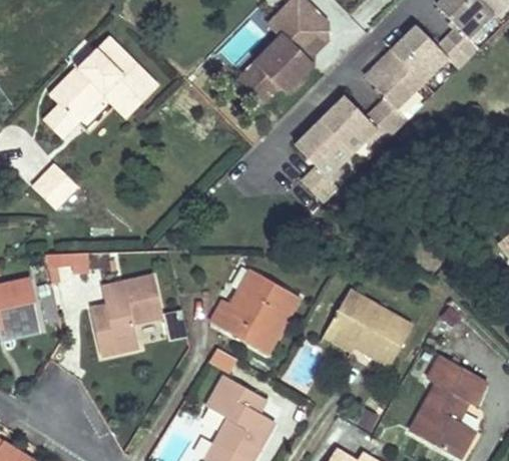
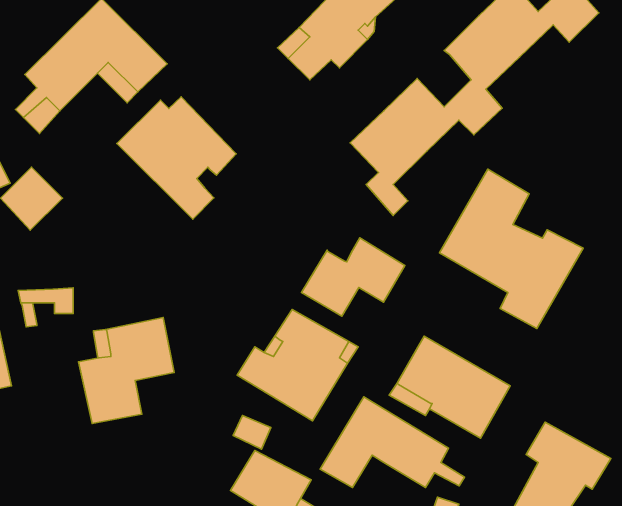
building: none -> [117,97,236,219]
building: none -> [440,169,583,329]
building: none -> [301,238,405,316]
building: none -> [320,397,464,488]

